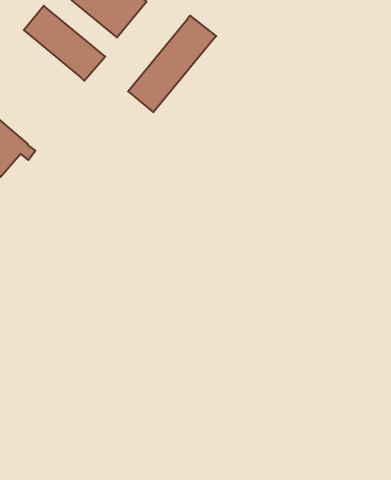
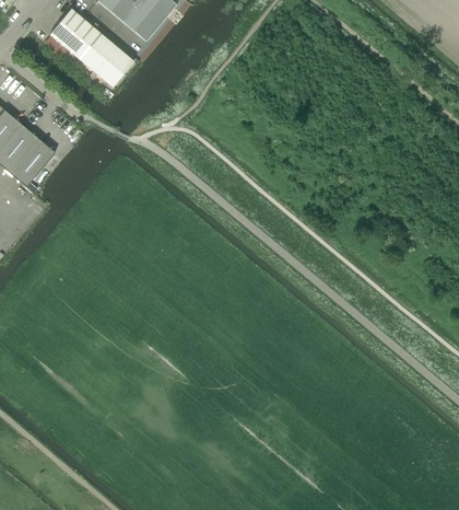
building: [128,16,216,112] -> none

